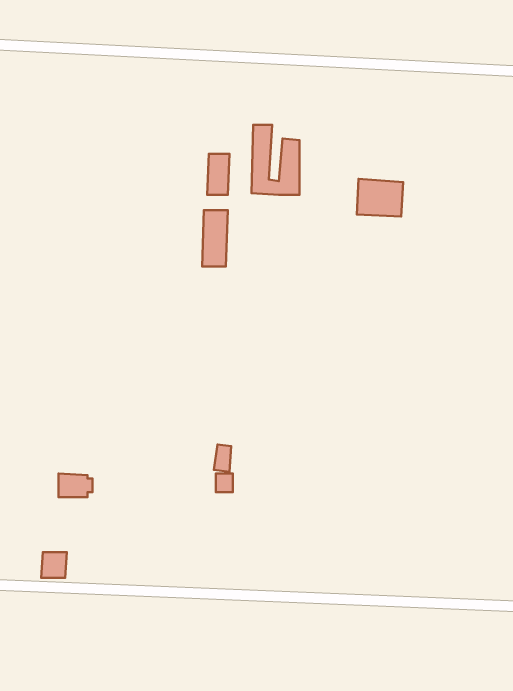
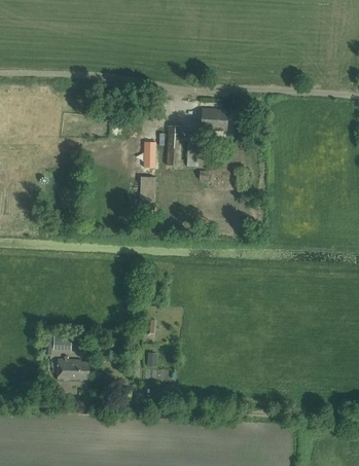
building: [357,179,403,216] -> [201,108,228,131]
building: none -> [57,358,88,381]

